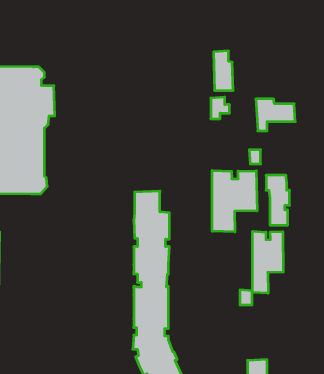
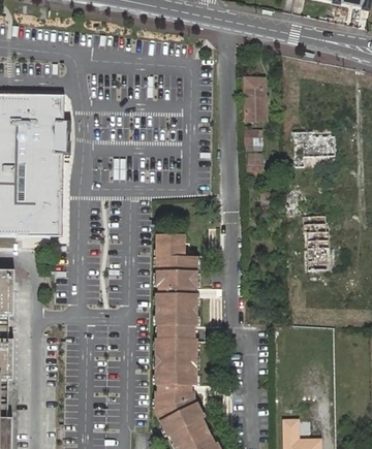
building: [212,170,257,232] -> none
building: [253,231,283,293] -> none

